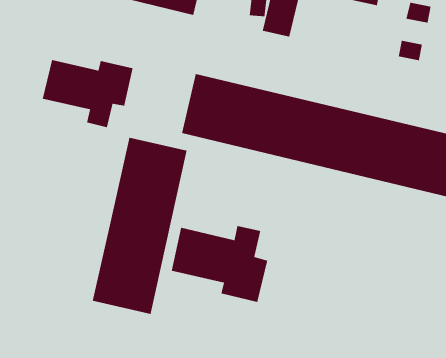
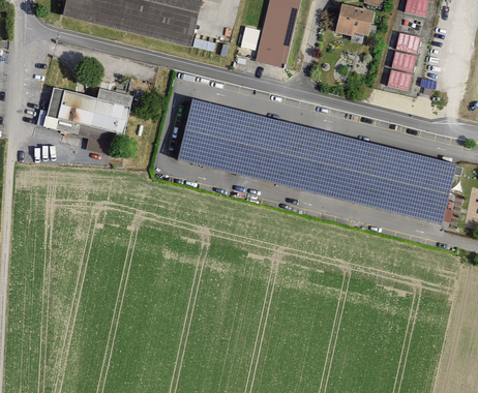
building: none -> [390,51,415,72]
building: [92,137,187,315] -> none
building: [171,225,268,303] -> none

